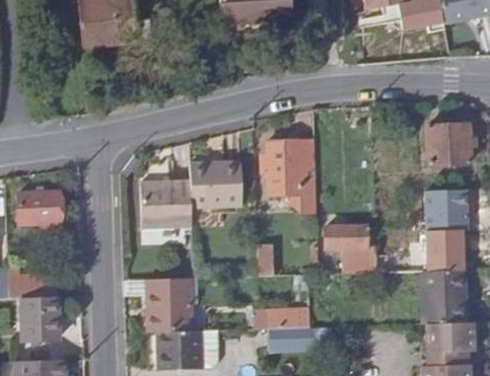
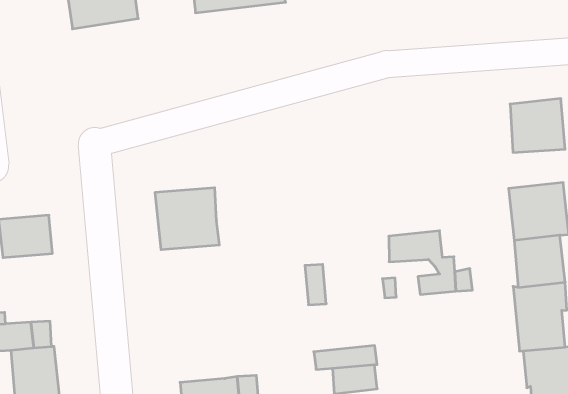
building: [263,139,319,210] -> none
building: [190,159,244,205] -> none
building: [146,278,190,331] -> none

